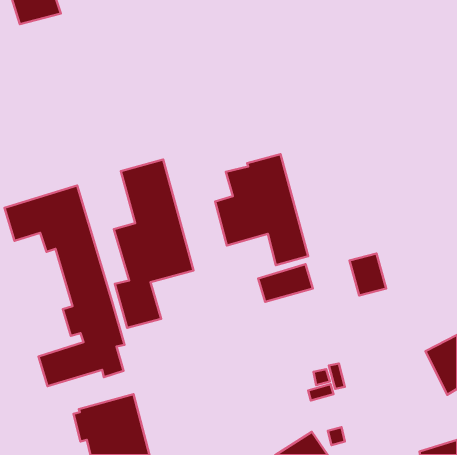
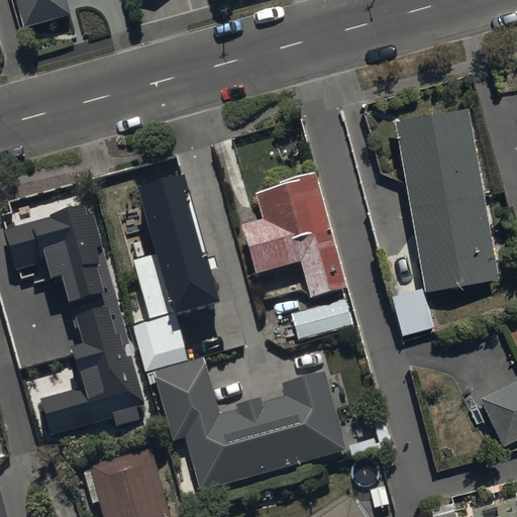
building: none -> [399,106,501,290]
building: none -> [153,359,345,493]

